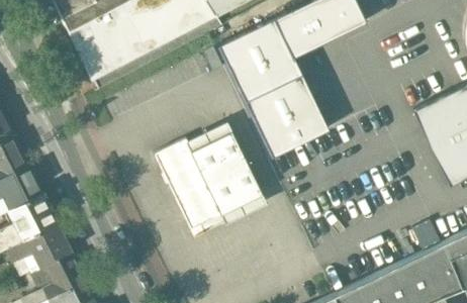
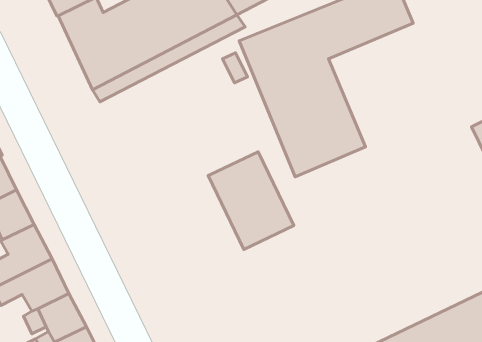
building: [156,140,221,237] -> none

